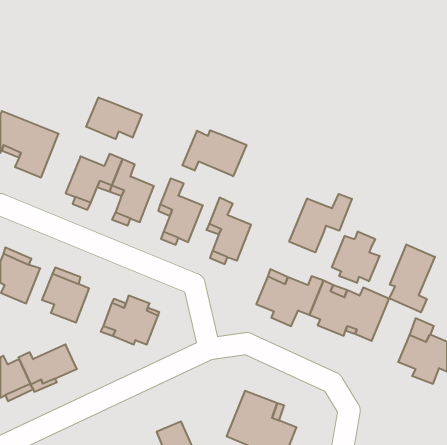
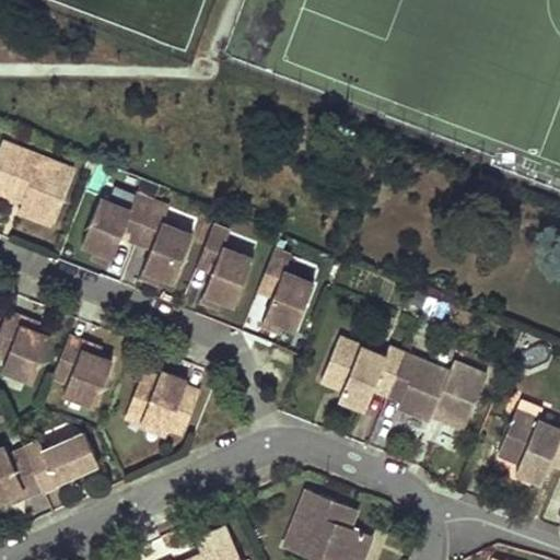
building: [86,97,142,139] -> none
building: [182,130,246,176] -> none
building: [289,194,352,252] -> none
building: [332,231,380,283] -> none
building: [389,244,435,312] -> none

